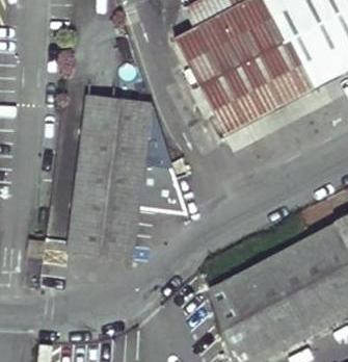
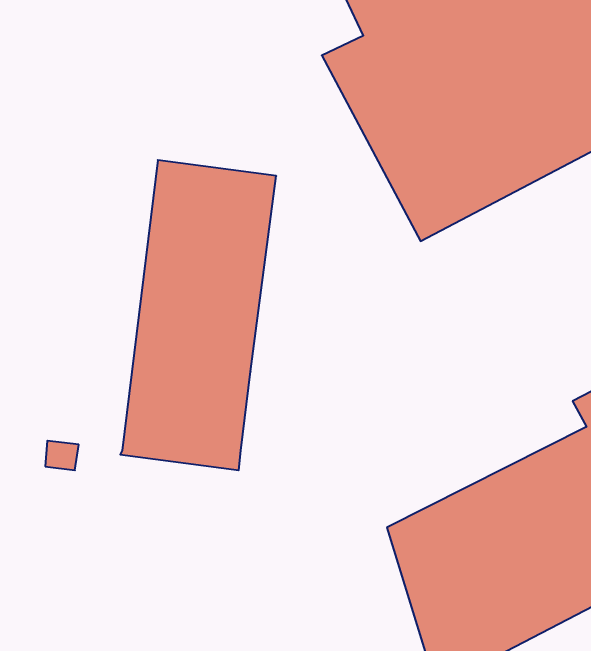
building: [138,102,186,212] -> none

